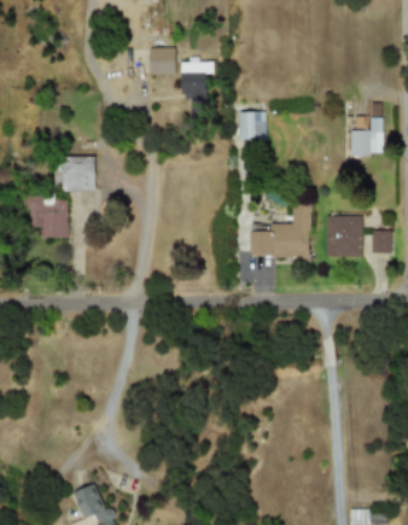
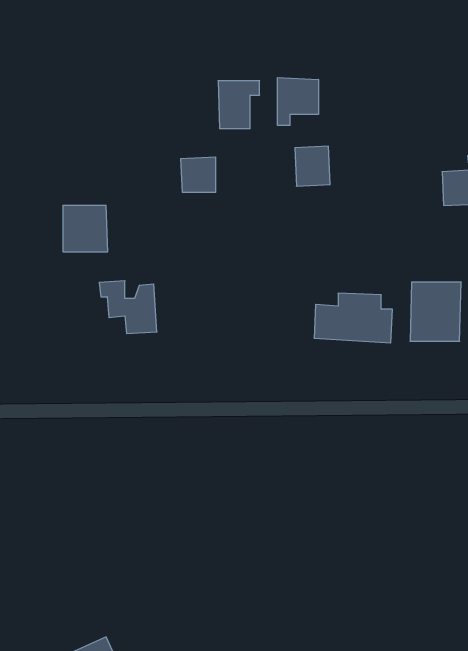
building: [148,47,175,74] -> [181,157,216,192]
building: none -> [278,78,318,125]
building: [27,197,70,237] -> [99,281,157,334]

